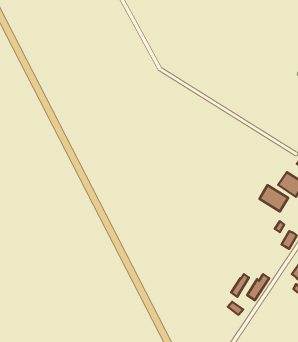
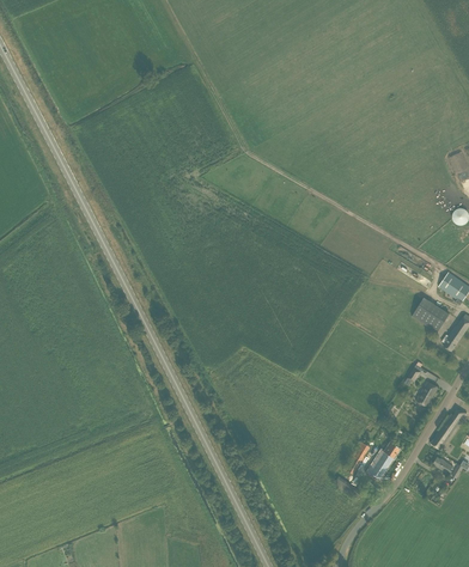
building: [260,185,288,211] -> none

